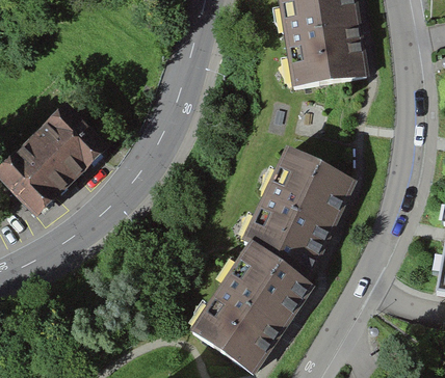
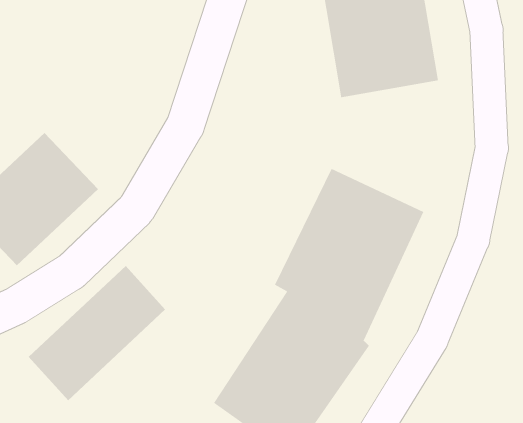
building: none -> [28,265,166,401]

